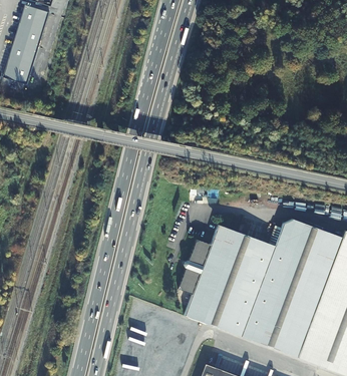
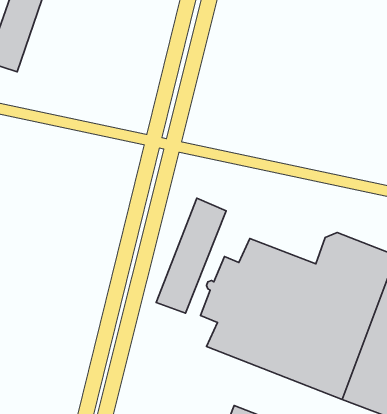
building: none -> [156,198,226,313]

